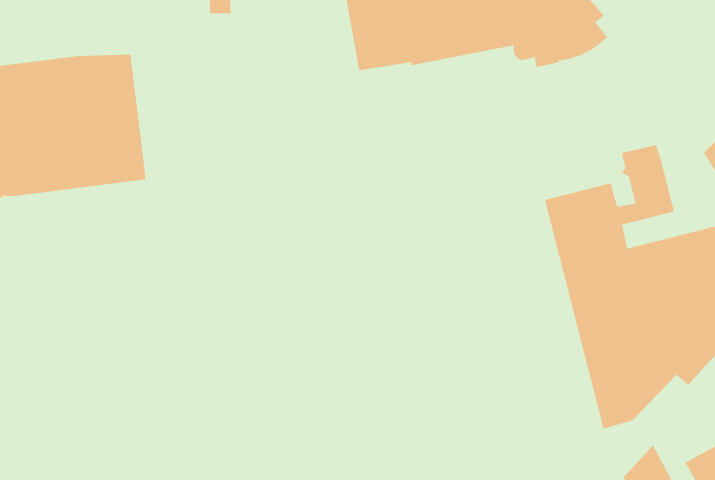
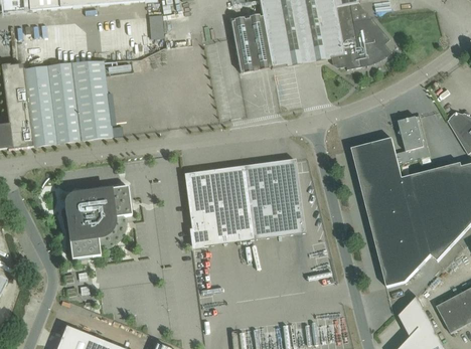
building: none -> [185,158,305,245]
building: none -> [65,185,132,257]

